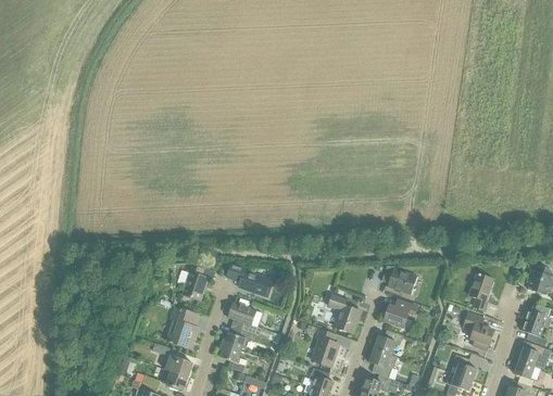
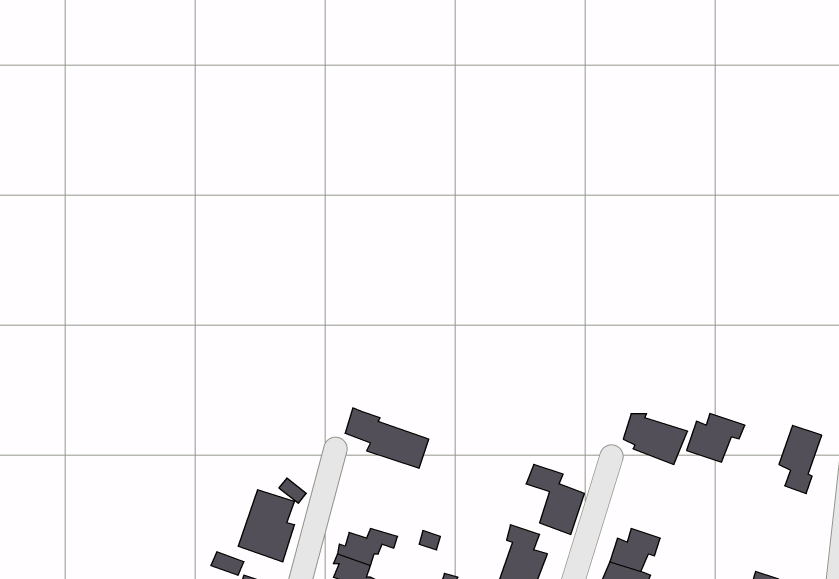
building: [181,264,208,299] -> none
building: [384,298,416,325] -> [687,414,745,462]
building: [227,303,262,335] -> none
building: [463,311,497,349] -> none

